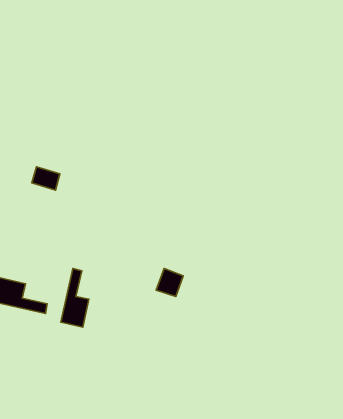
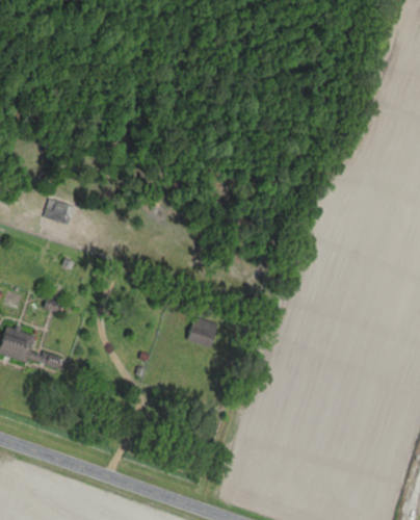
building: [61,268,89,327] -> none

